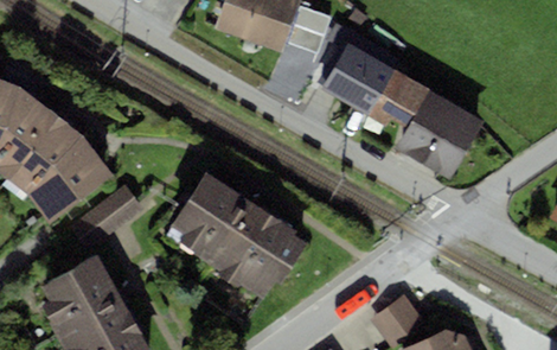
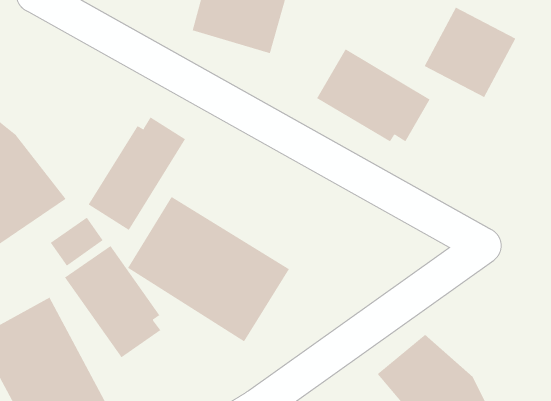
building: [397,97,476,176] -> [424,7,516,98]
building: none -> [88,117,186,231]
building: none -> [64,245,161,358]

